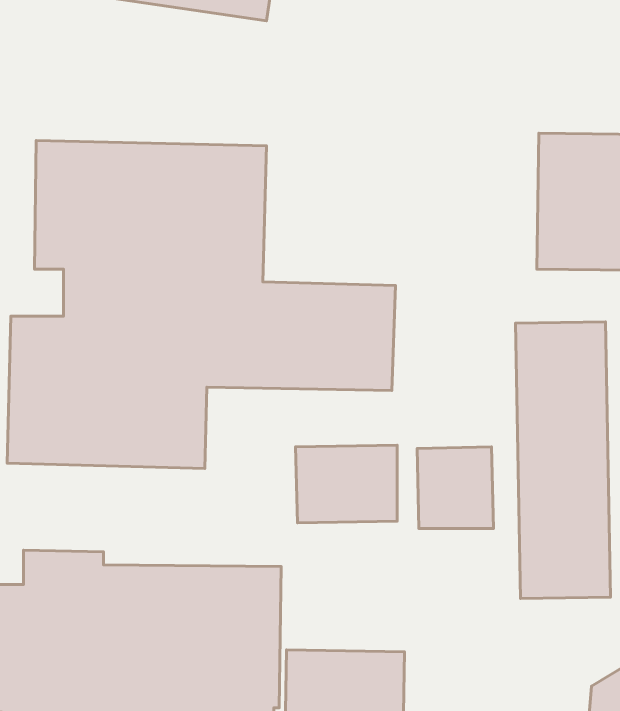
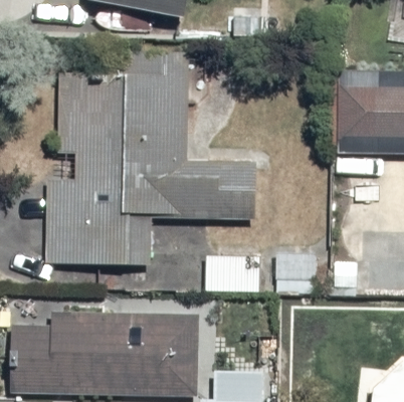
building: [515,322,610,599] -> none

